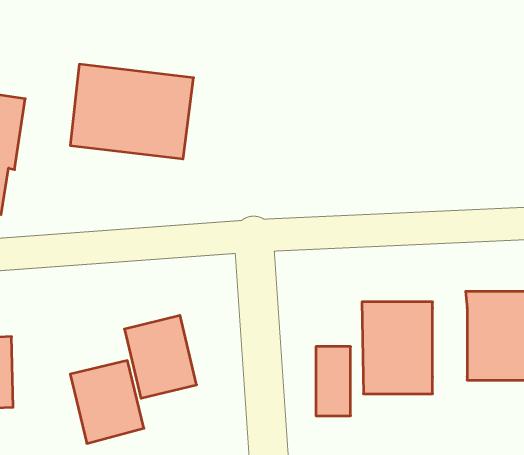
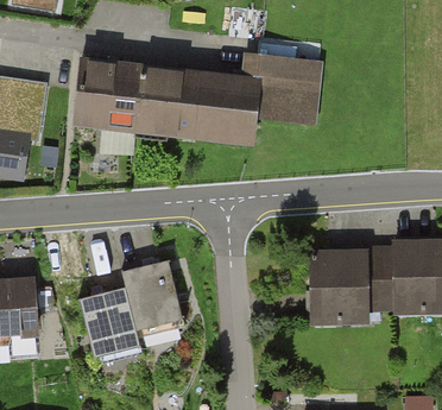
building: none -> [170,56,322,146]
building: [316,347,351,416] -> [367,254,394,309]

